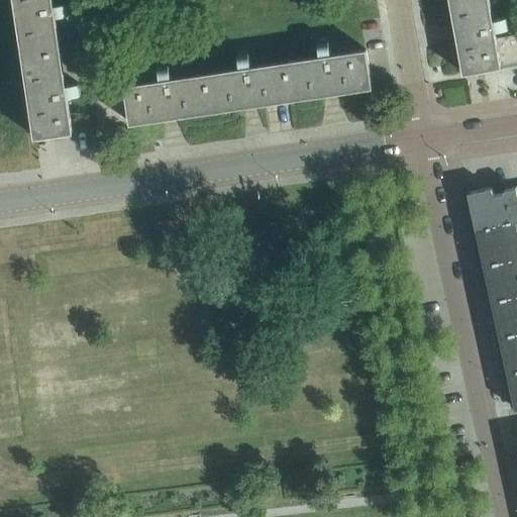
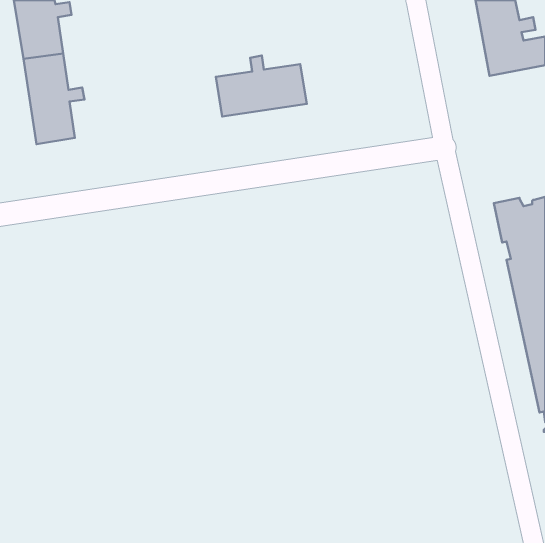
building: [284,43,371,101] -> none
building: [124,68,210,125] -> none

